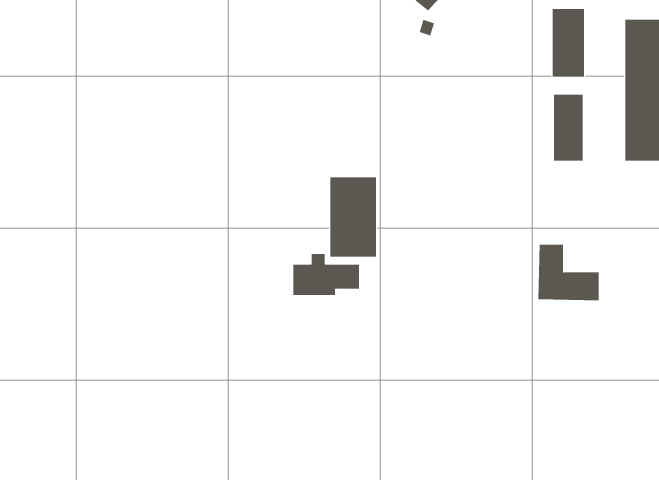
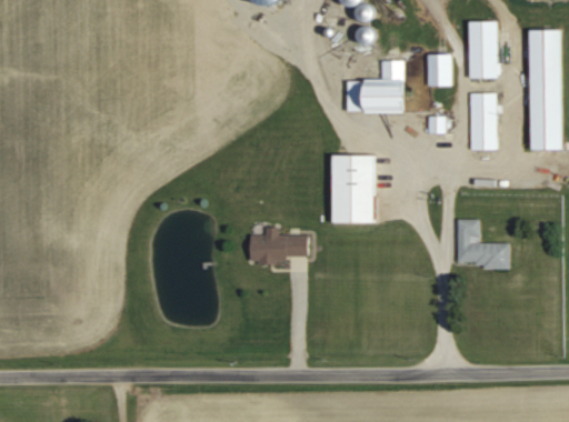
building: none -> [427,53,451,84]
building: none -> [347,59,403,112]
building: [330,177,377,257] -> [332,155,372,223]

